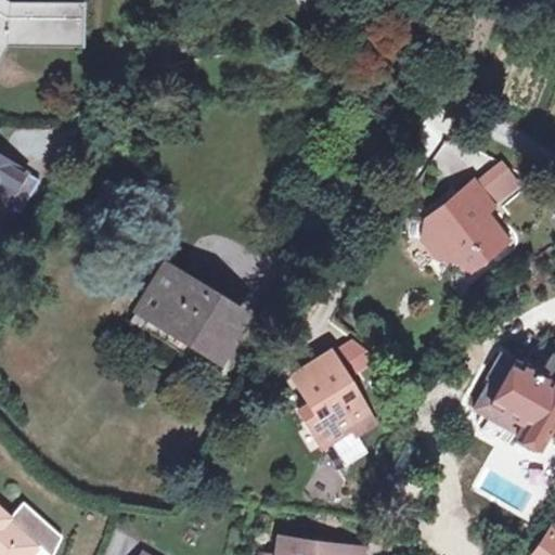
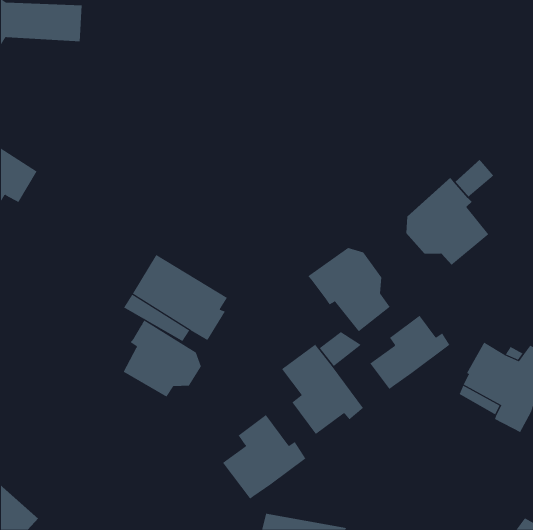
building: none -> [308,247,391,332]
building: none -> [369,315,450,390]
building: none -> [123,319,201,398]
building: none -> [222,414,306,500]

